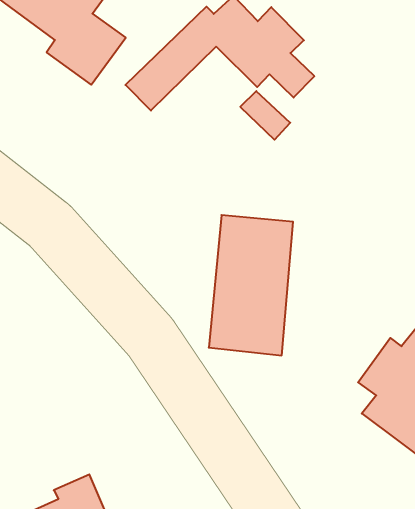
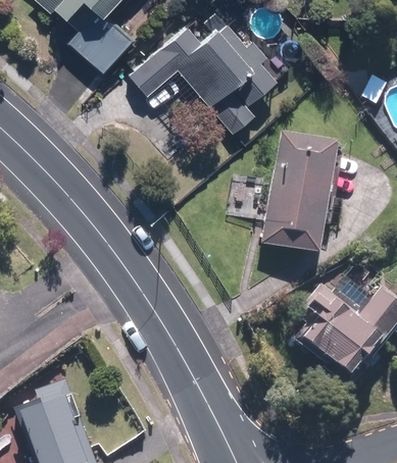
building: [209,215,293,355] -> [257,140,330,252]

